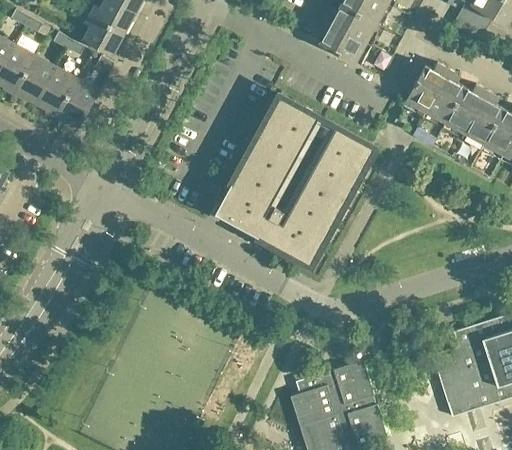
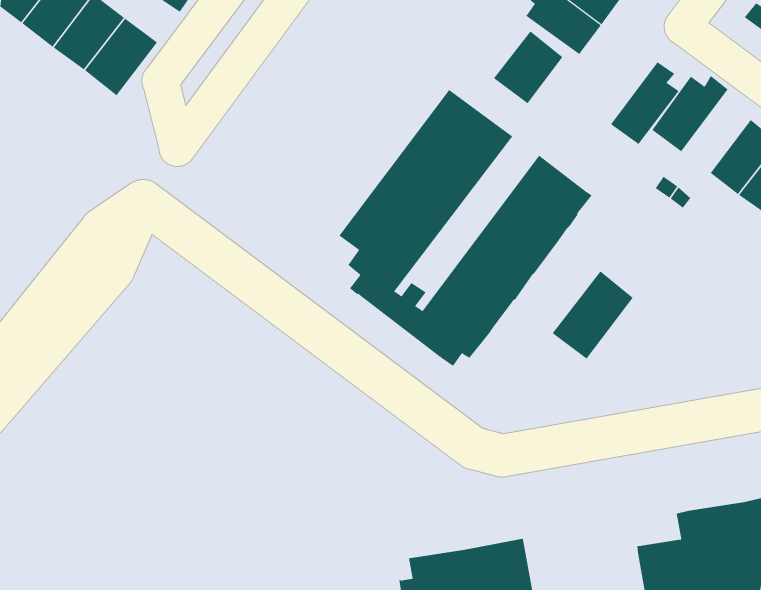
building: none -> [493,30,563,104]
building: [425,71,464,123] -> [610,61,679,145]
building: none -> [552,271,633,359]

